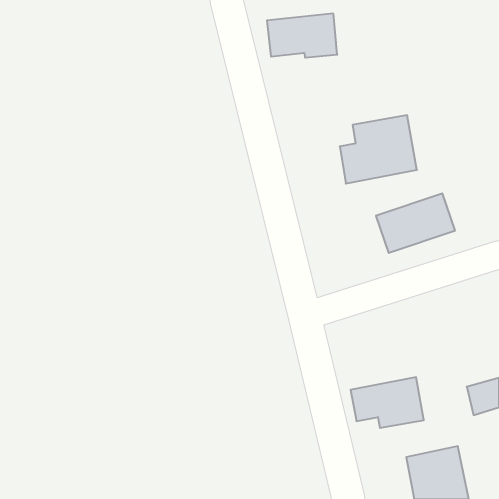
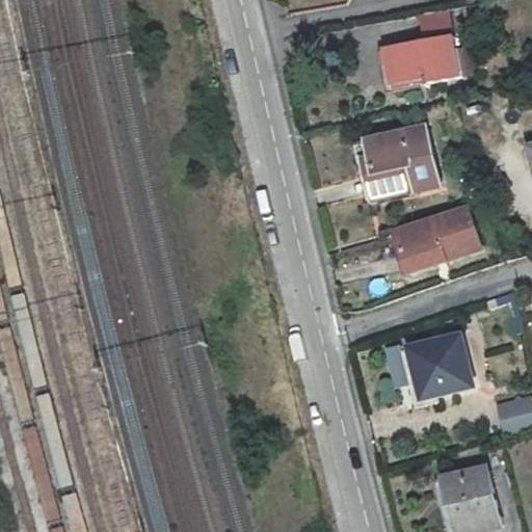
building: [267,14,337,58] -> [379,31,454,78]
building: [351,377,424,428] -> [392,343,470,397]

